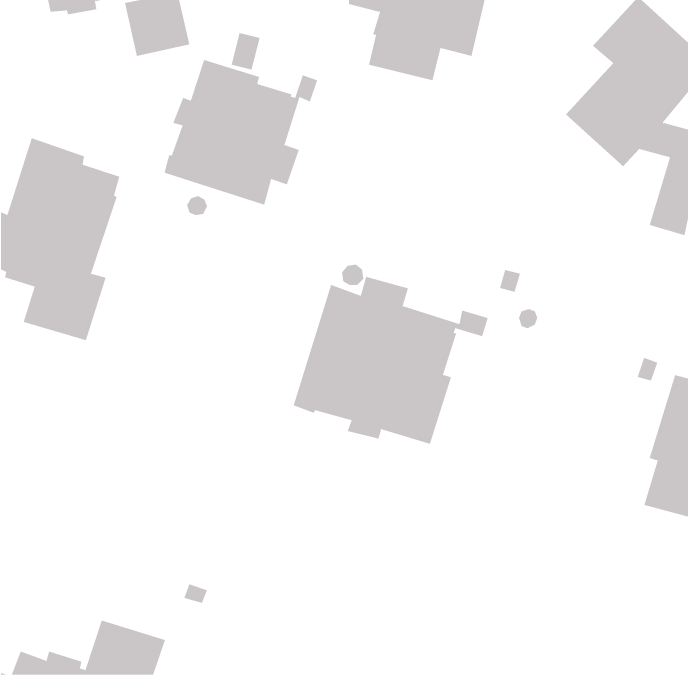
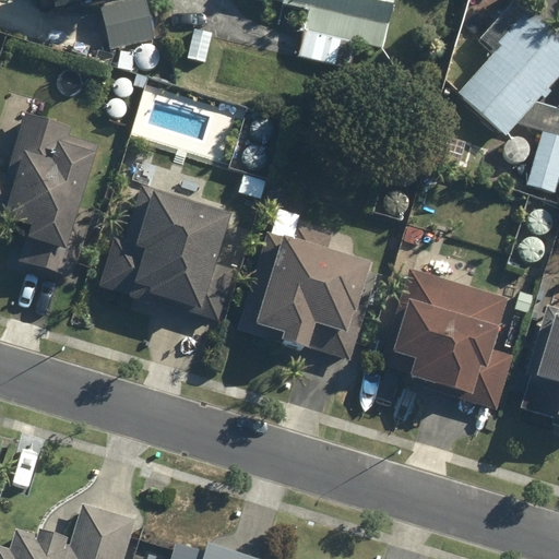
building: [164,59,318,206] -> none
building: none -> [100,183,234,320]
building: none -> [380,266,513,408]

